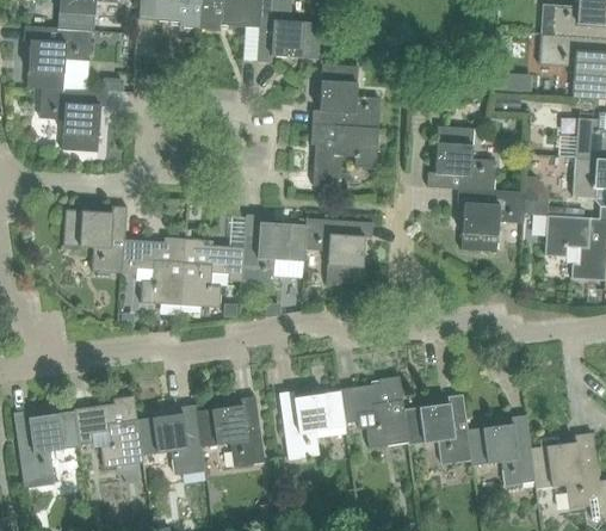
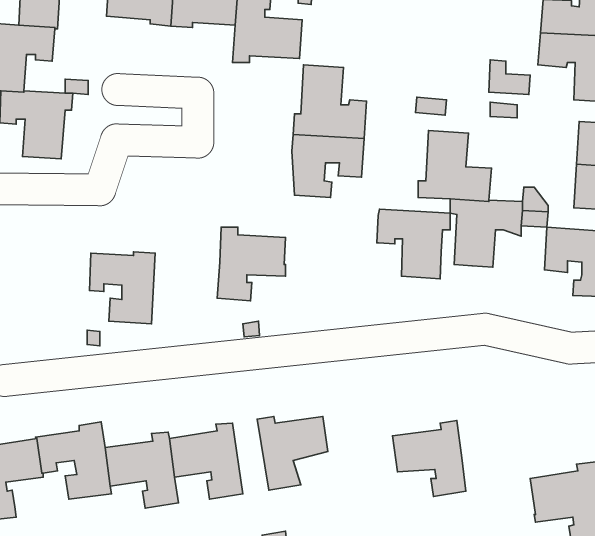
building: [63,205,128,273] -> none
building: [304,218,372,283] -> [377,209,450,279]
building: [181,239,245,307] -> none
building: [340,376,409,447] -> none
building: [469,414,537,484] -> none

